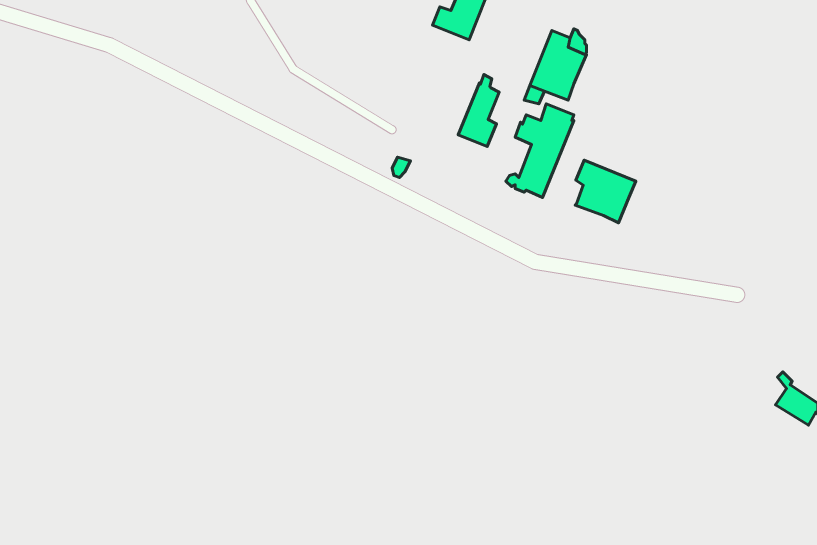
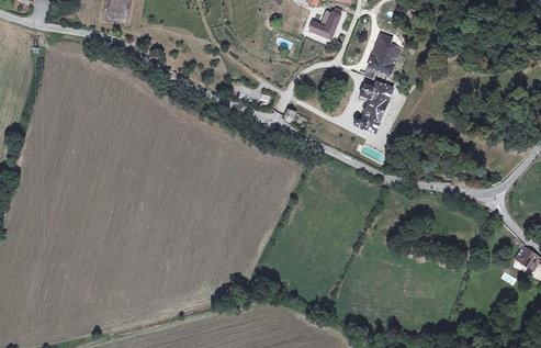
building: [458,75,499,147] -> none
building: [575,160,636,223] -> none

